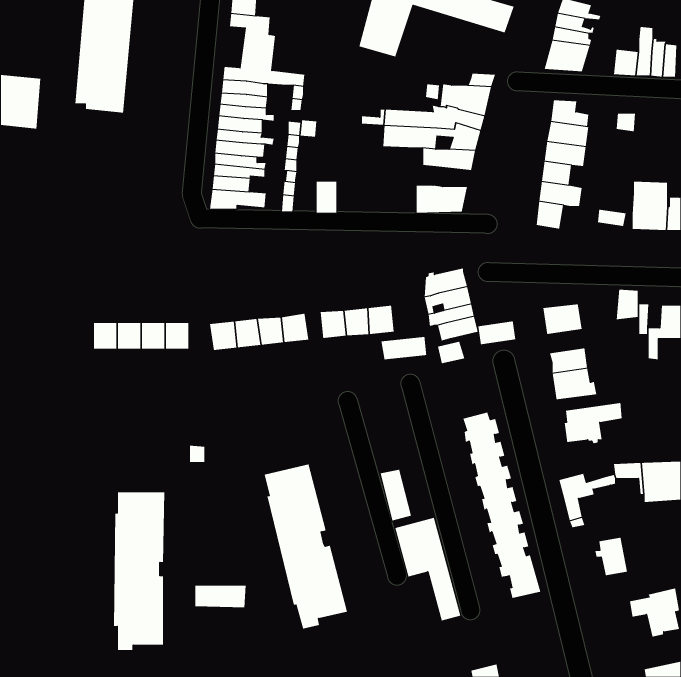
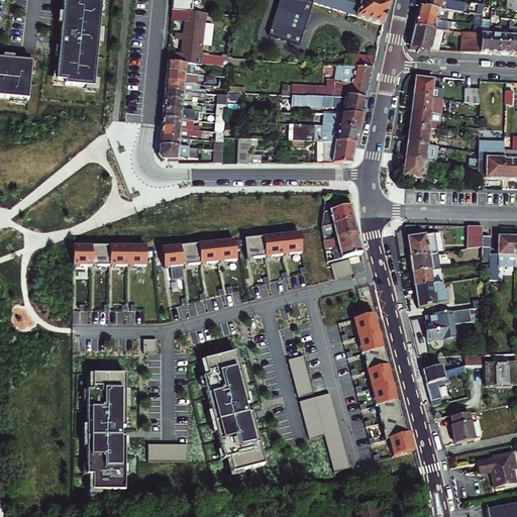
building: none -> [290,124,357,141]
building: [478,321,516,345] -> [414,249,443,268]
building: [381,336,427,360] -> none

